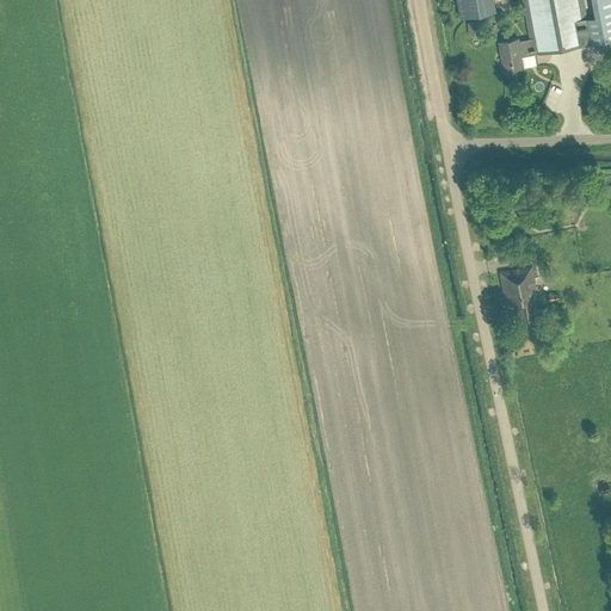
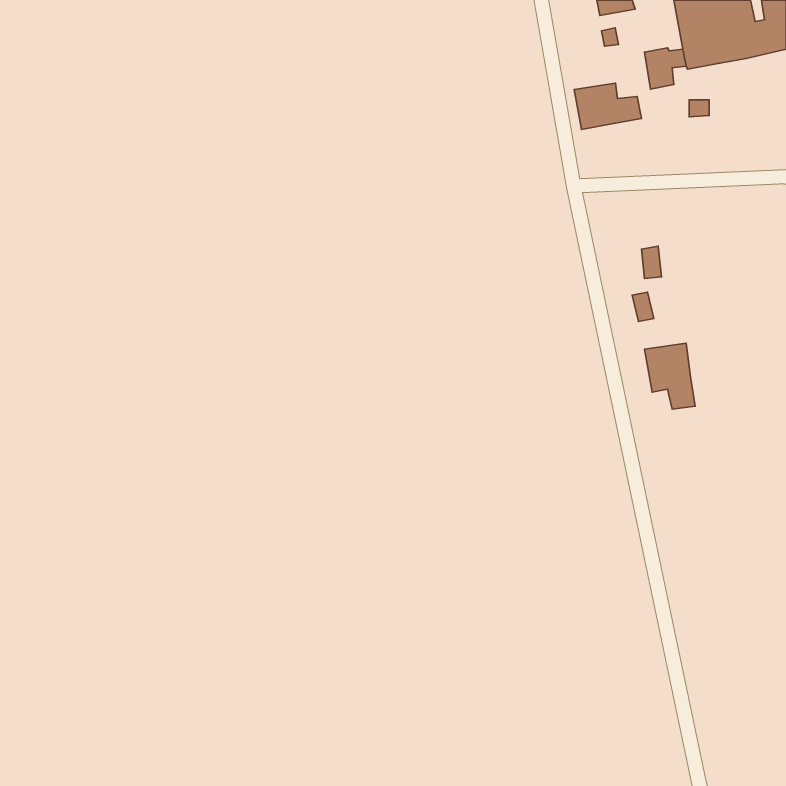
building: none -> [574,83,641,130]

